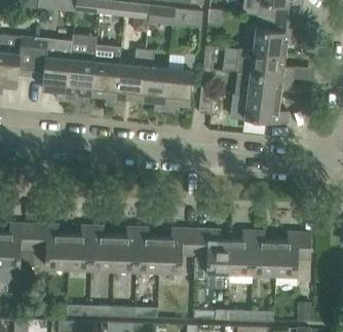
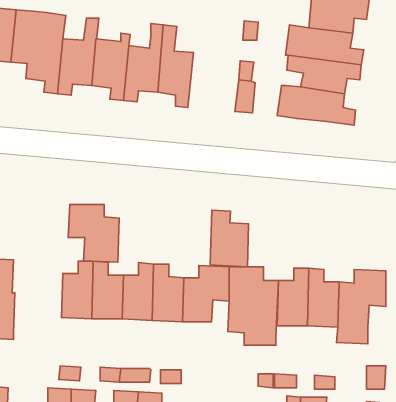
building: [163,52,195,111] -> none
building: none -> [210,210,249,267]
building: [32,224,70,267] -> [68,205,119,262]

